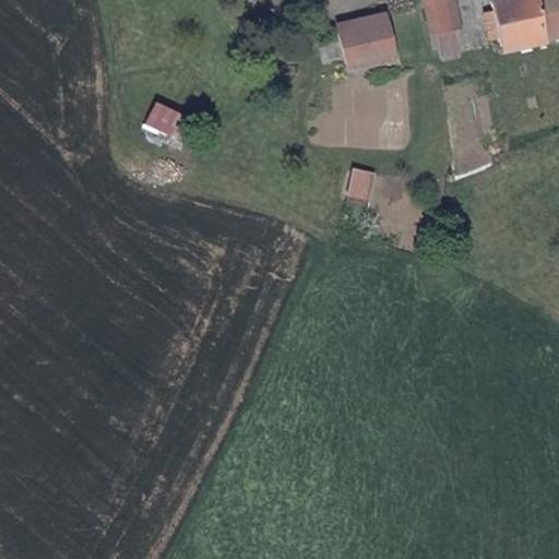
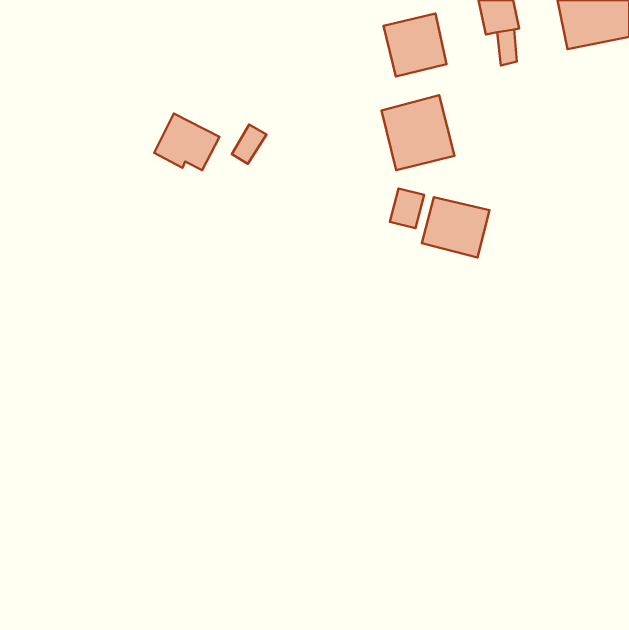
building: none -> [382,95,454,170]
building: none -> [422,197,489,257]

